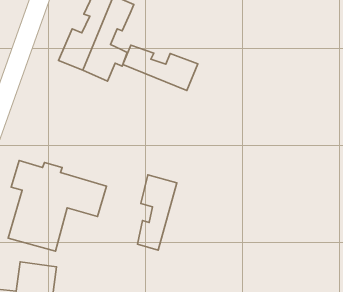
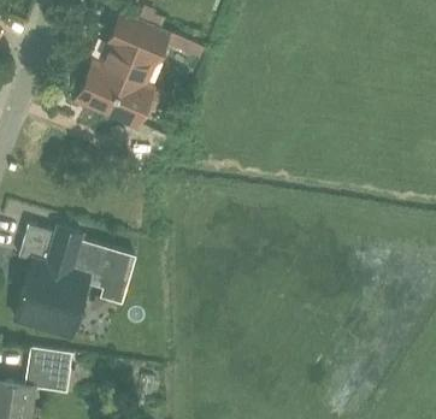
building: [123,45,198,90] -> none
building: [137,175,177,250] -> none

